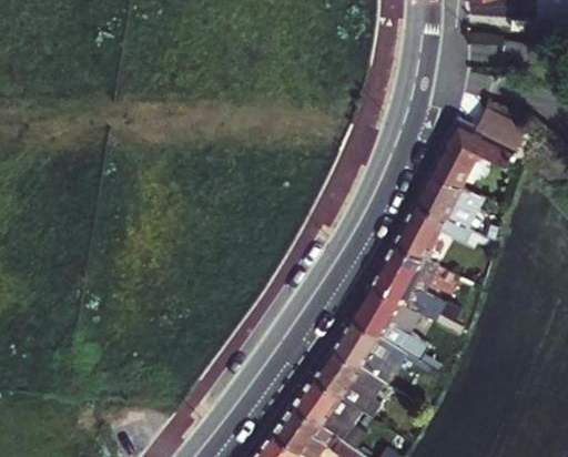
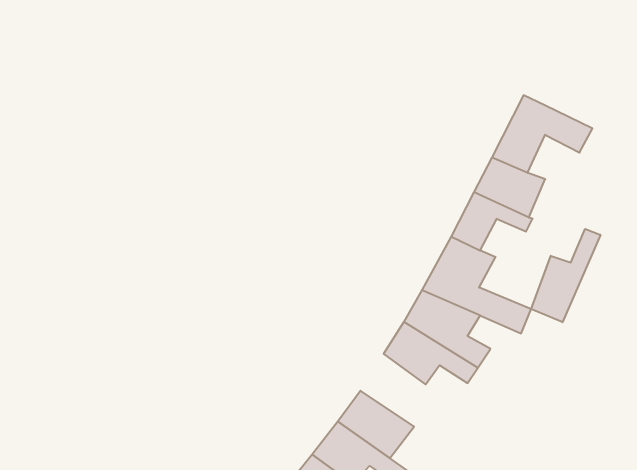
building: [477,109,527,151] -> none
building: none -> [531,229,600,322]
building: [316,346,385,414] -> none

